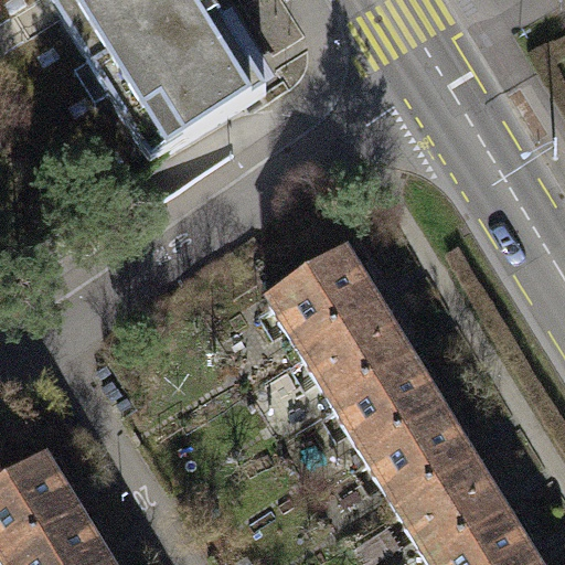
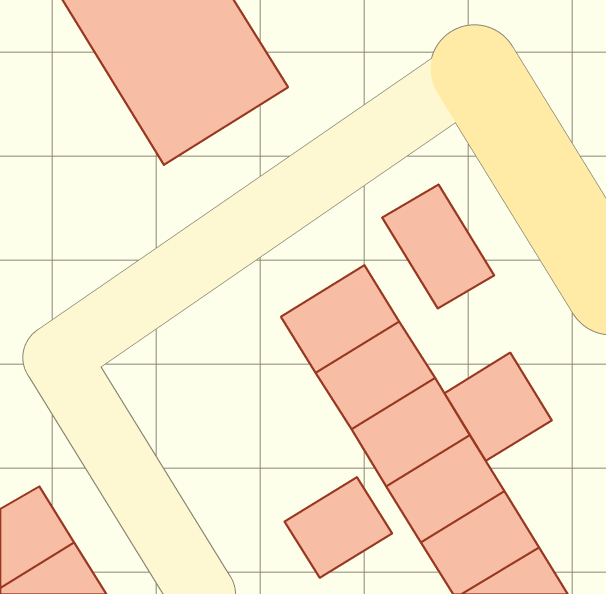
building: none -> [382,184,494,309]
building: none -> [444,353,552,461]
building: none -> [285,477,392,578]

